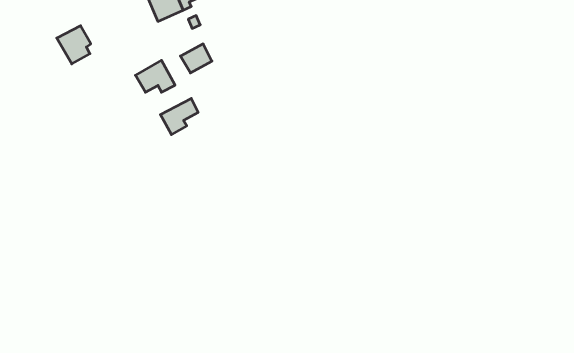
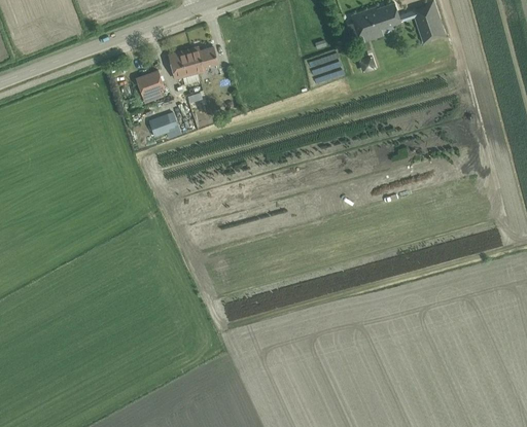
building: [57,26,91,64] -> [136,71,164,102]
building: [160,98,198,135] -> none

